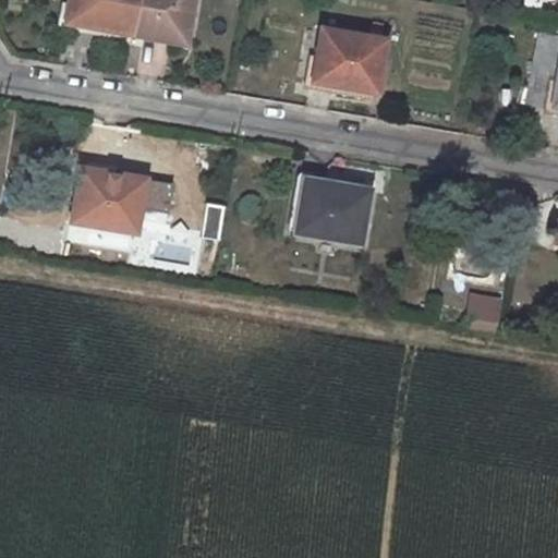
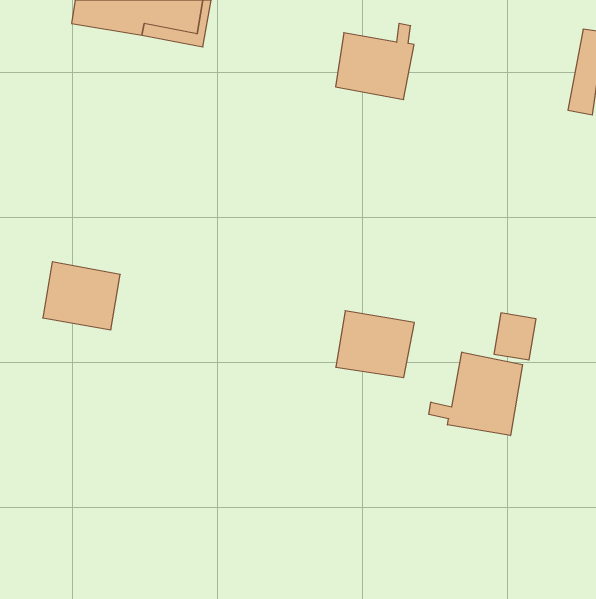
building: [74,168,146,231] -> [43,262,120,330]
building: [298,180,371,242] -> [336,311,414,378]
building: none -> [429,352,523,436]

